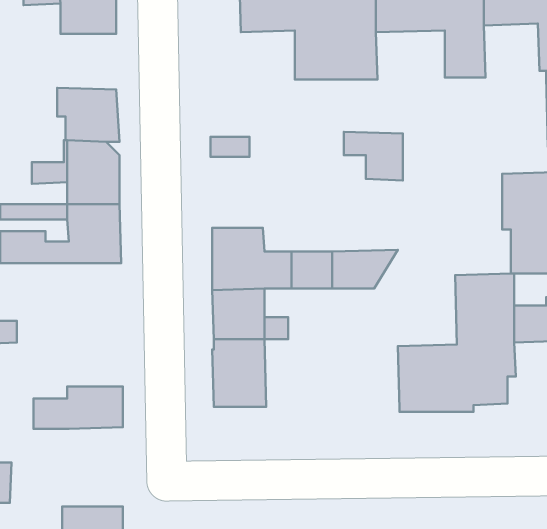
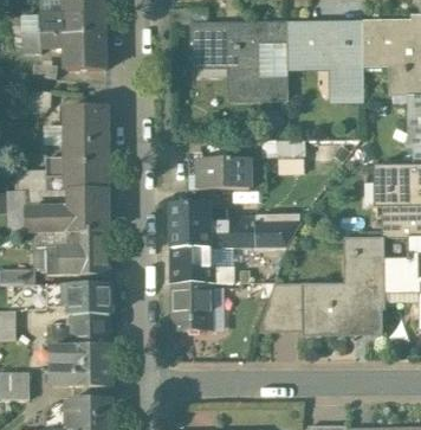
building: none -> [192,158,250,188]
building: none -> [47,229,109,272]
building: none -> [260,284,304,330]
building: none -> [46,285,110,315]
building: none -> [51,344,111,385]

